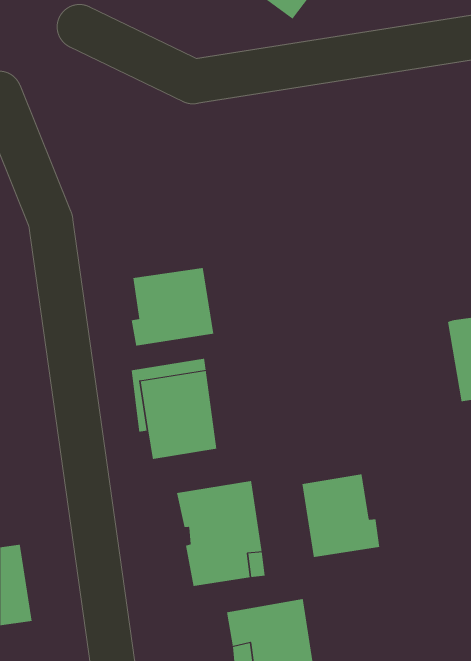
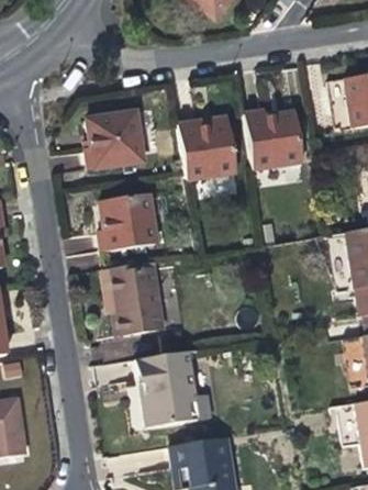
building: none -> [245,110,303,169]
building: none -> [87,114,144,170]
building: none -> [178,120,236,180]
building: [302,473,380,558] -> none

